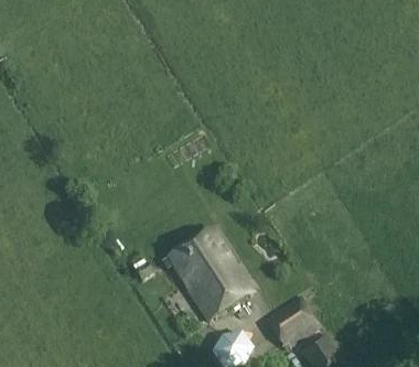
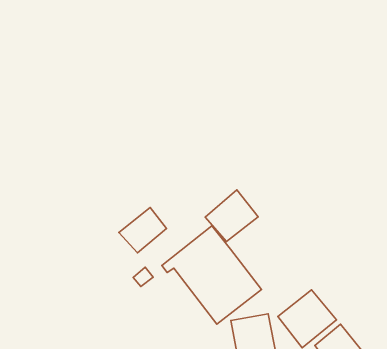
building: none -> [205,190,258,242]
building: none -> [119,208,167,253]

